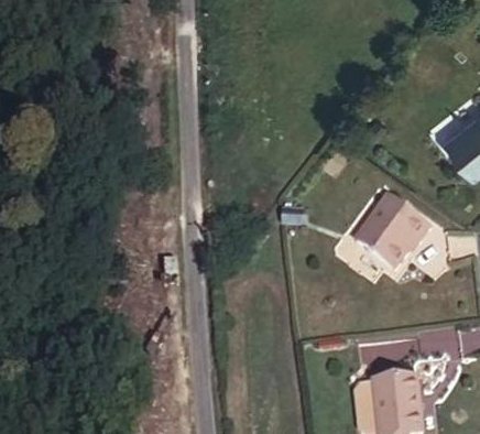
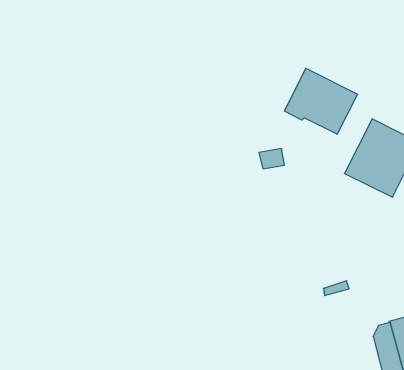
building: none -> [284,68,358,134]

